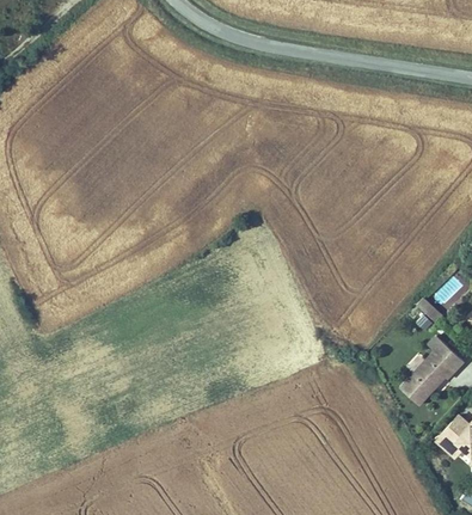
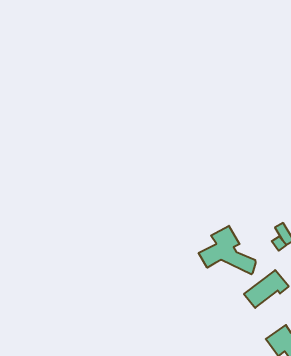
building: none -> [199,226,256,274]

